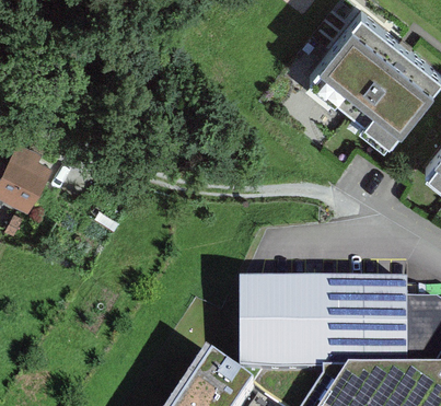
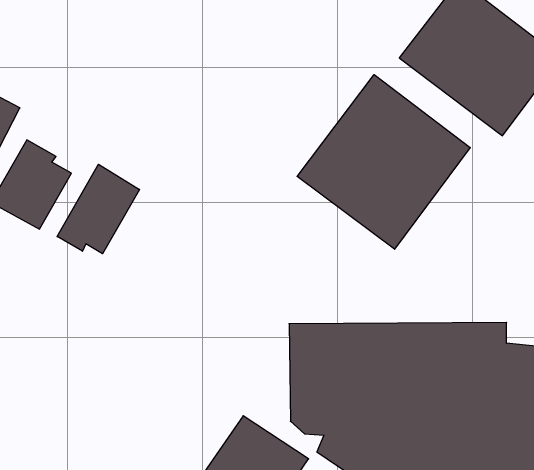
building: none -> [297,75,470,249]
building: none -> [57,164,140,254]

